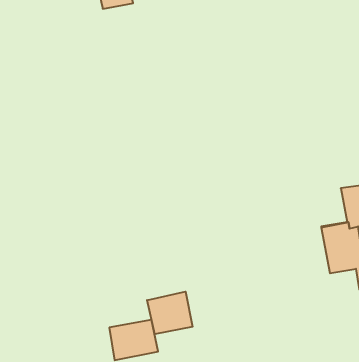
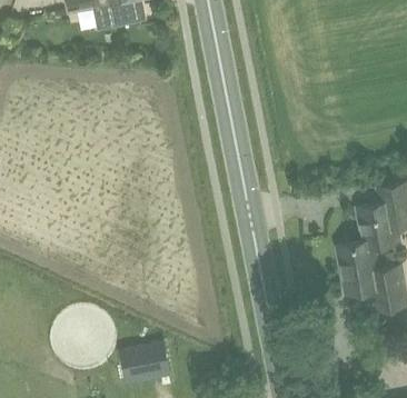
building: [147,292,193,334] -> none

